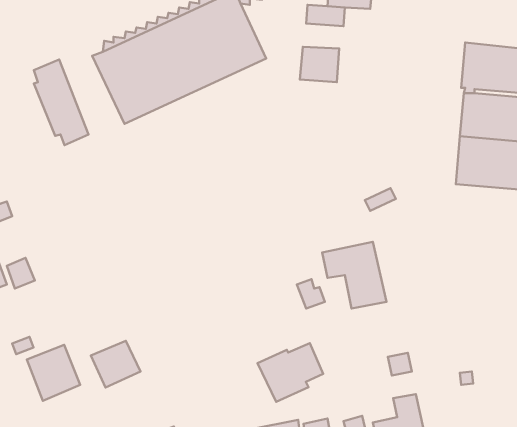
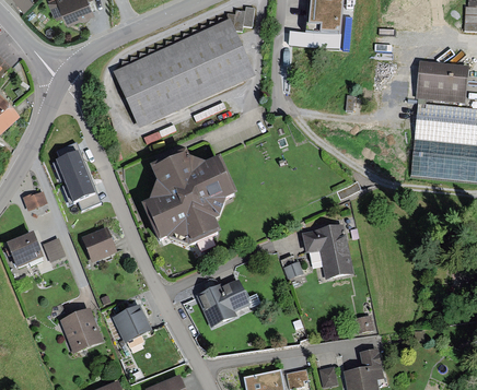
building: [300,47,339,82] -> none
building: [34,59,89,145] -> [56,142,101,212]
building: none -> [140,152,236,252]
building: none -> [81,227,117,264]
building: [258,343,323,402] -> [196,281,249,329]

